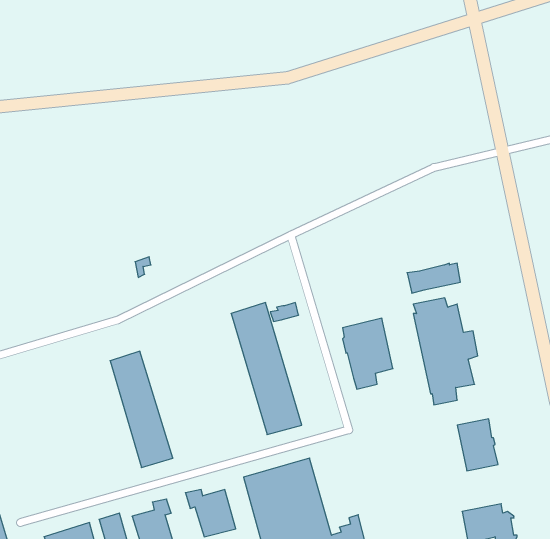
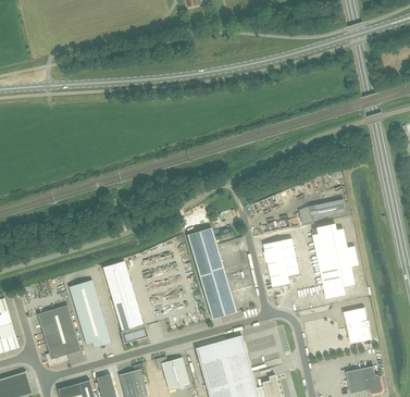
building: none -> [70,280,111,348]
building: none -> [38,305,82,367]

